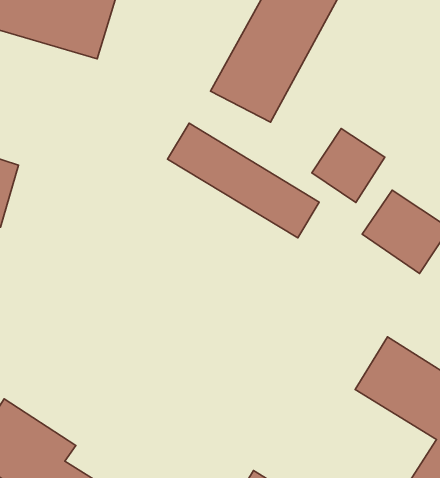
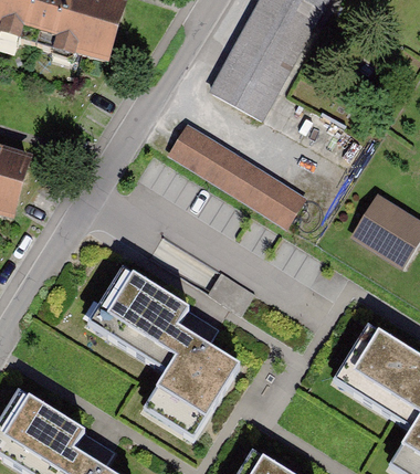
building: [312,129,385,202] -> none
building: none -> [94,266,233,425]

